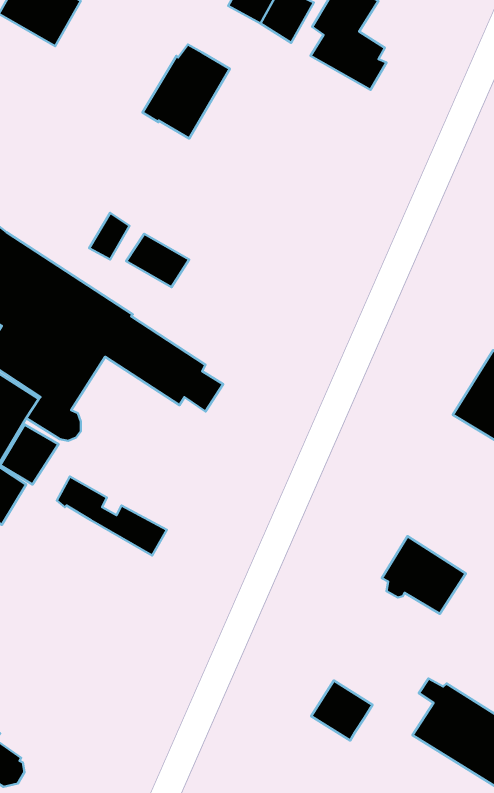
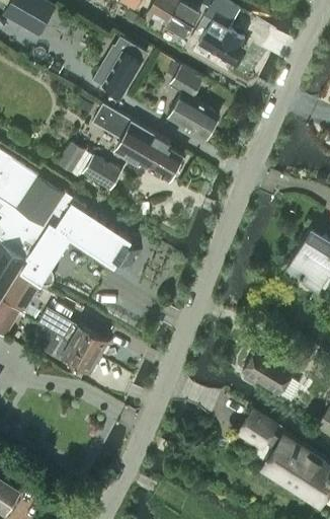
building: none -> [167,67,219,140]
building: none -> [92,103,182,179]
building: none -> [33,326,98,373]
building: [311,681,373,740] -> [238,412,276,449]

